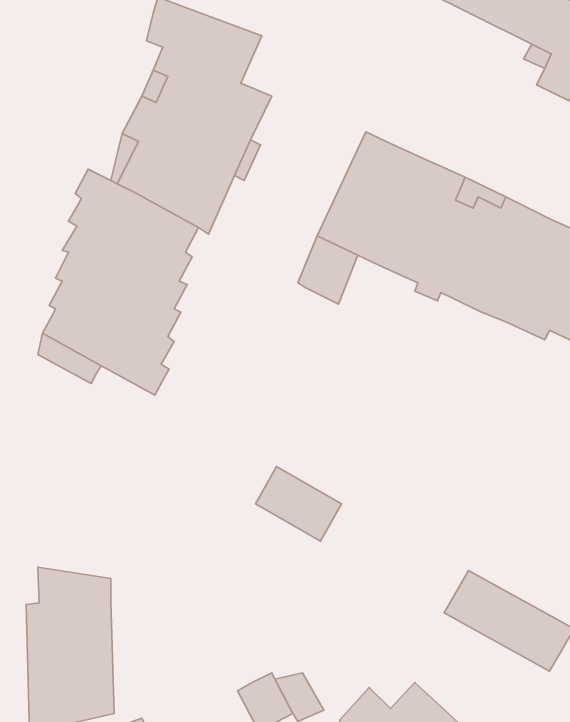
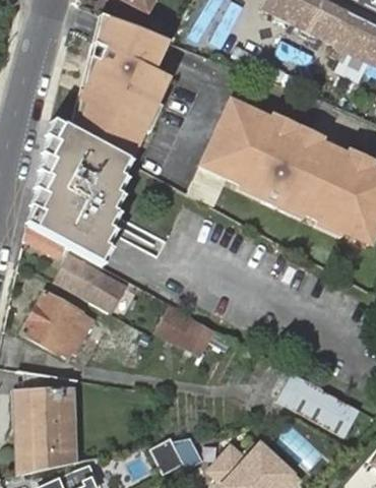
building: none -> [57,255,115,309]
building: none -> [24,292,91,357]

